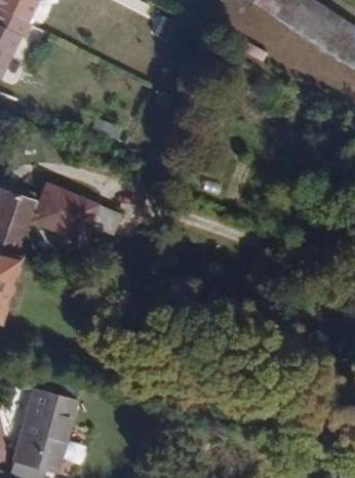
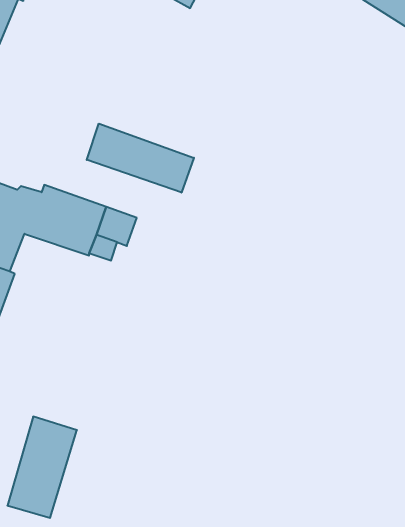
building: none -> [87,124,194,193]

